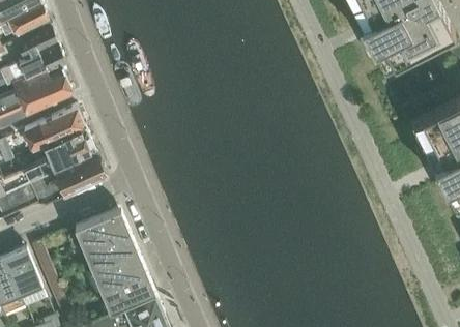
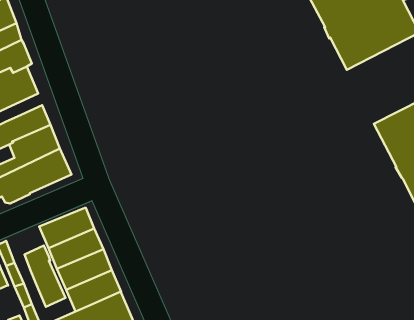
building: none -> [24,245,65,307]

